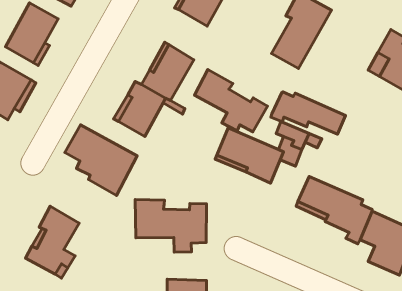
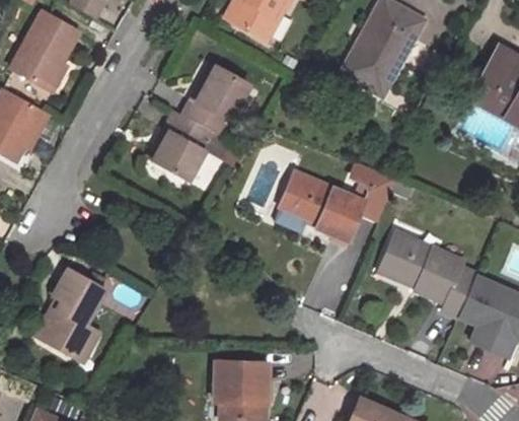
building: [195,69,267,132] -> none
building: [271,92,345,134] -> none
building: [65,125,137,195] -> none
building: [135,200,207,252] -> none

